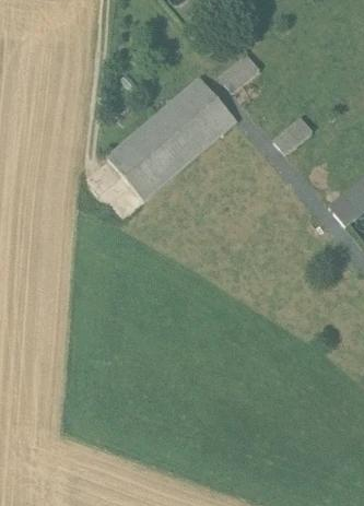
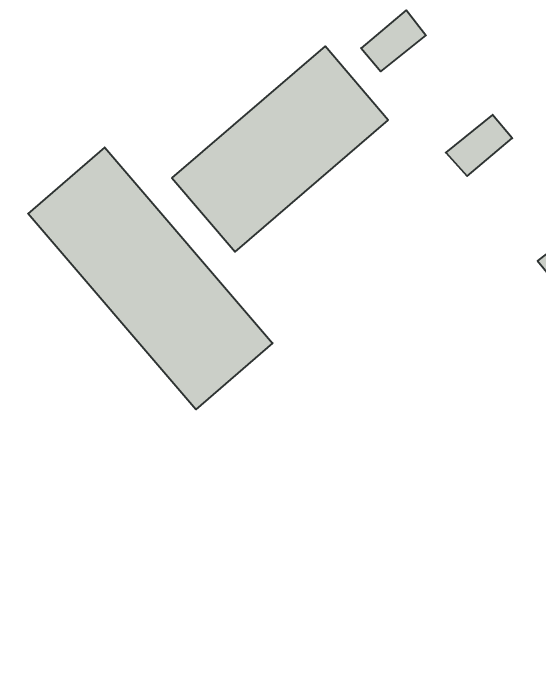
building: none -> [28,147,273,409]

